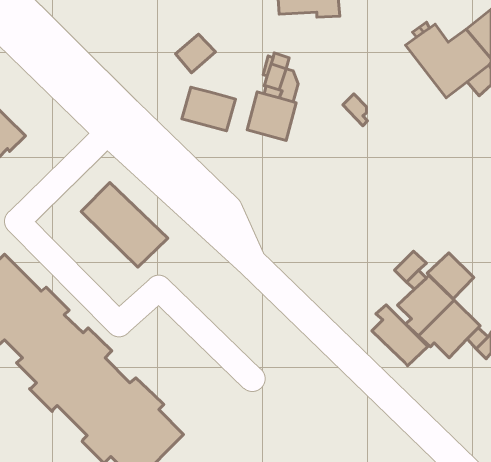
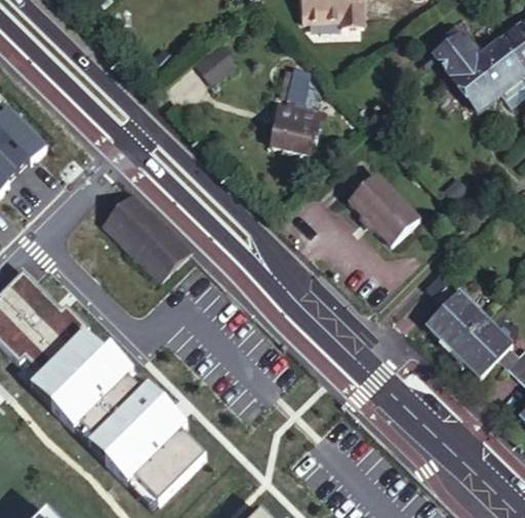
building: [182,87,236,131] -> none
building: none -> [346,166,415,239]
building: [427,253,474,299] -> none
building: [372,305,428,366] -> none

